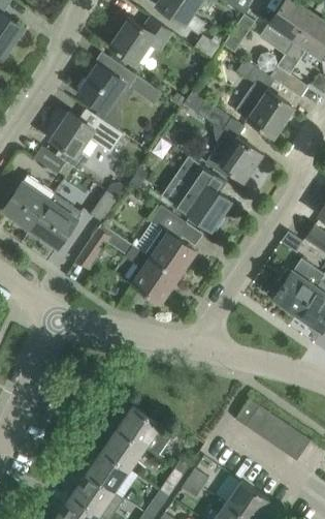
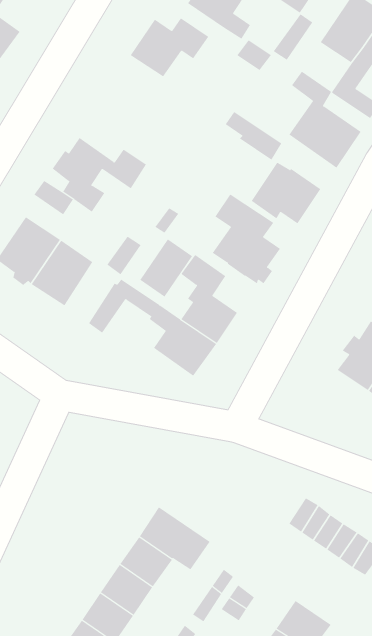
building: [77,64,161,112] -> none
building: none -> [140,239,193,298]

